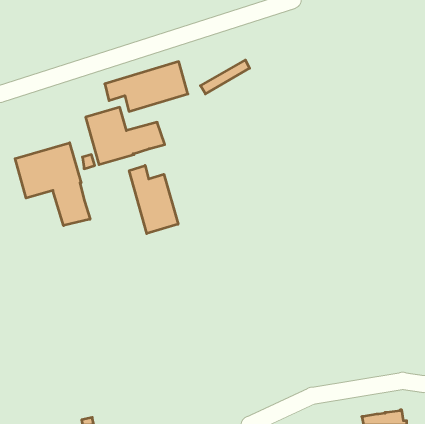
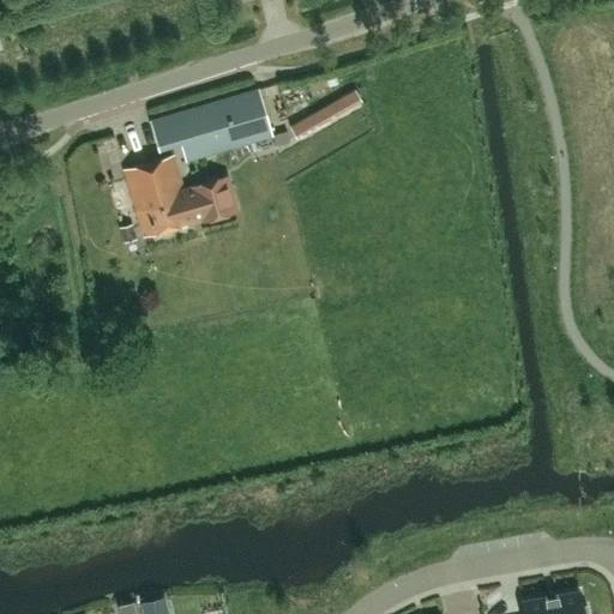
building: [15,143,90,226] -> none
building: [129,165,178,234] -> none

